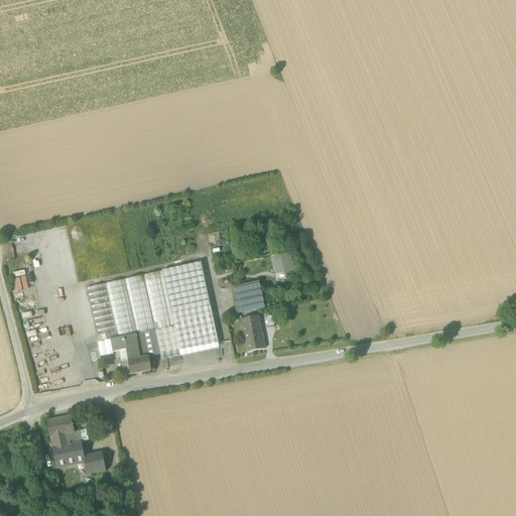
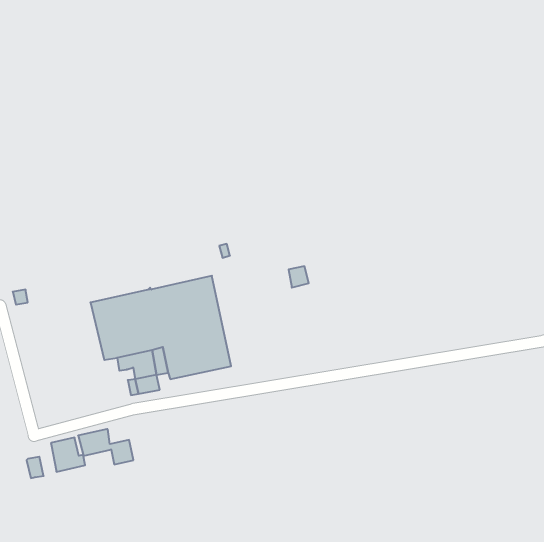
building: [231,280,265,312] -> none
building: [242,314,264,351] -> none
building: [53,440,106,474] -> [78,429,133,464]

